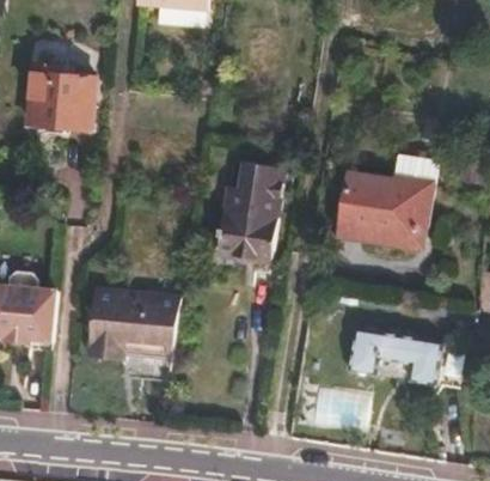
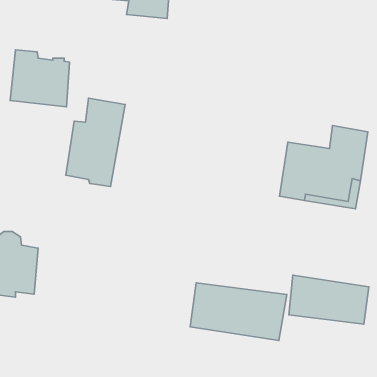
building: [218,159,286,261] -> [66,98,125,187]
building: [85,284,182,366] -> none
building: none -> [190,283,287,340]

